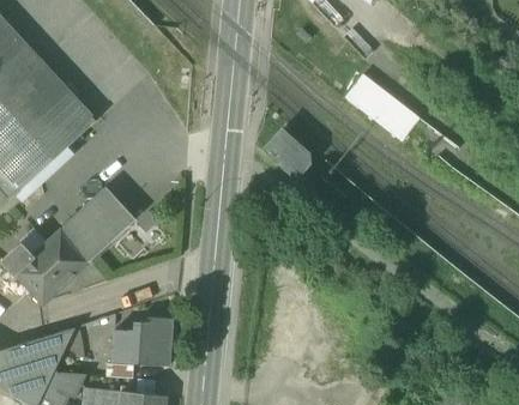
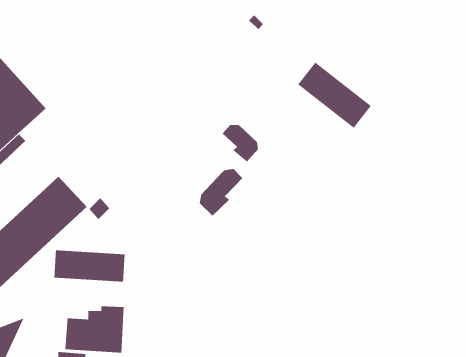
building: none -> [199,168,243,217]
building: none -> [54,250,125,282]

